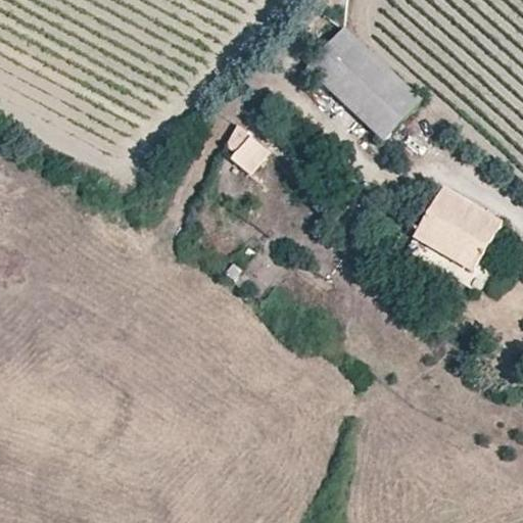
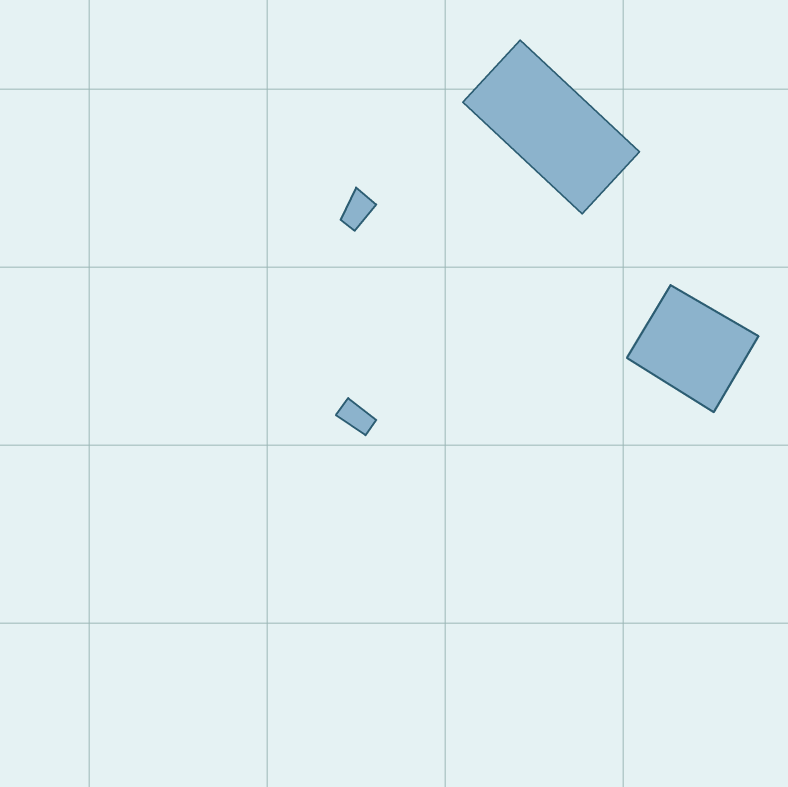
building: [229,135,269,175] -> none

